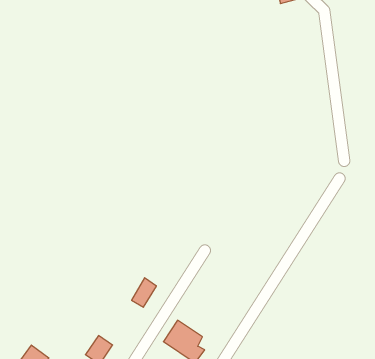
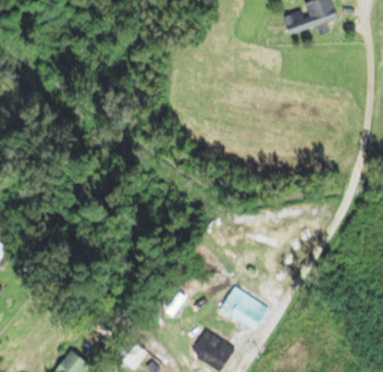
building: none -> [218,289,261,325]

